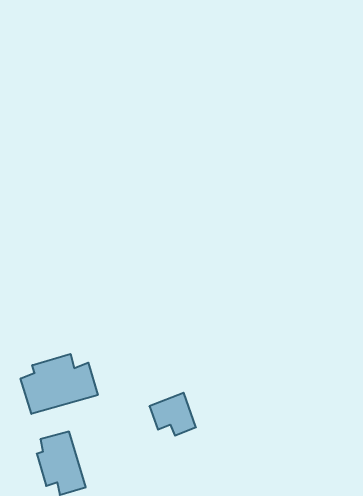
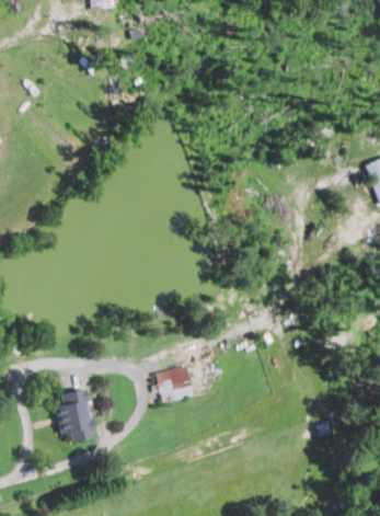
building: [21,354,98,414] -> none

